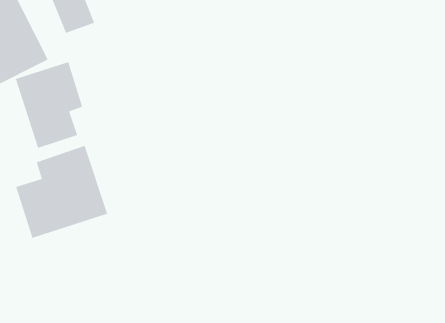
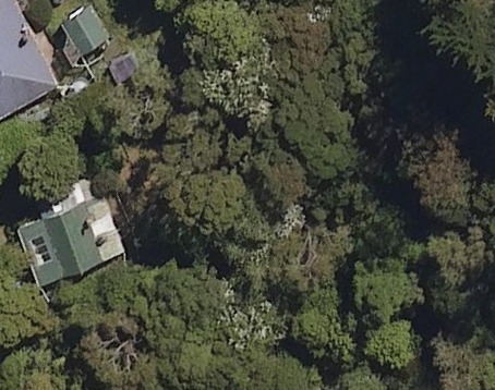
building: [15,61,83,149] -> none

